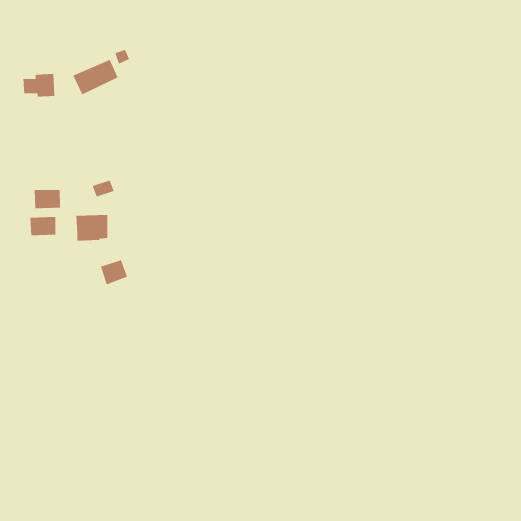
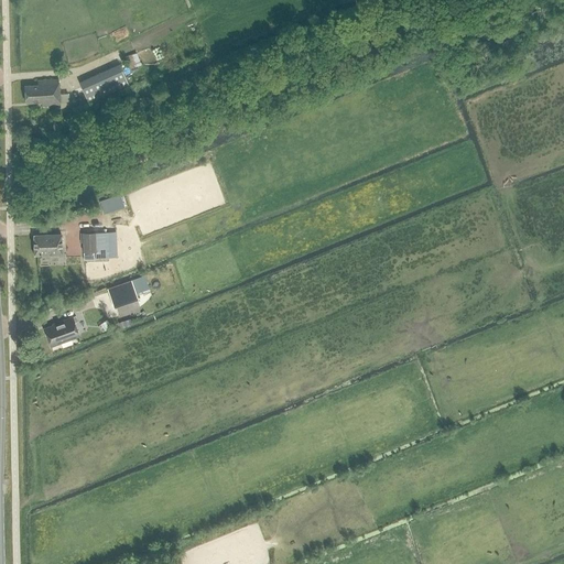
building: [34,189,61,209] -> none
building: none -> [45,316,79,345]

